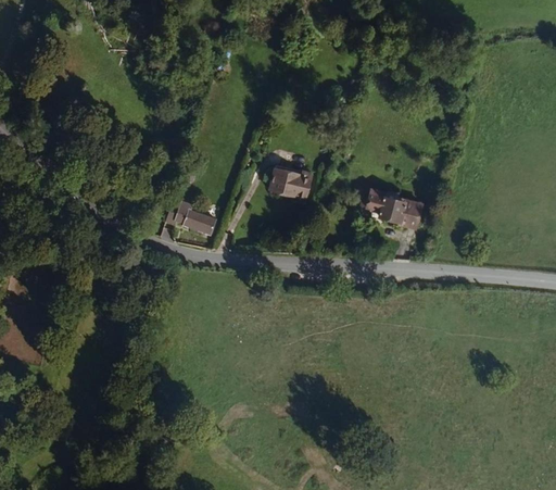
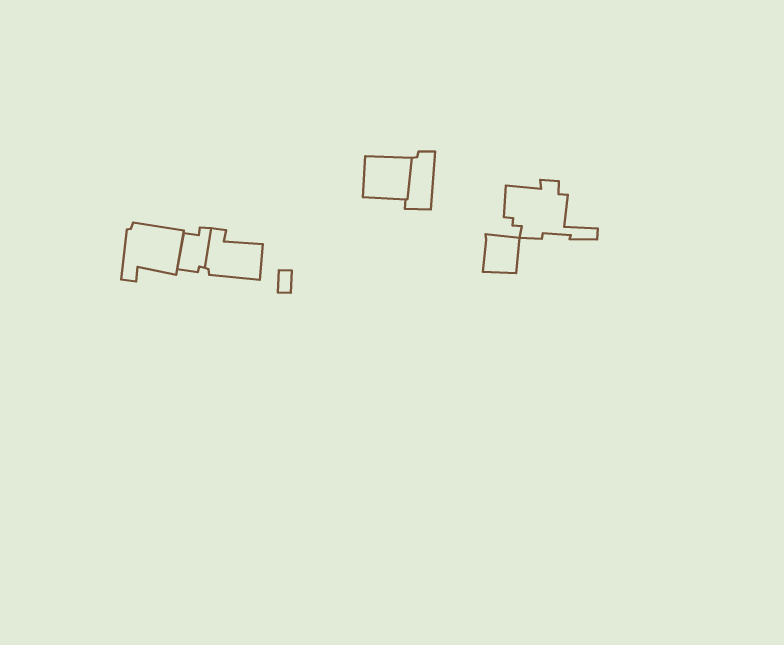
building: none -> [121,222,184,282]
building: [393,201,417,226] -> [483,234,519,273]

